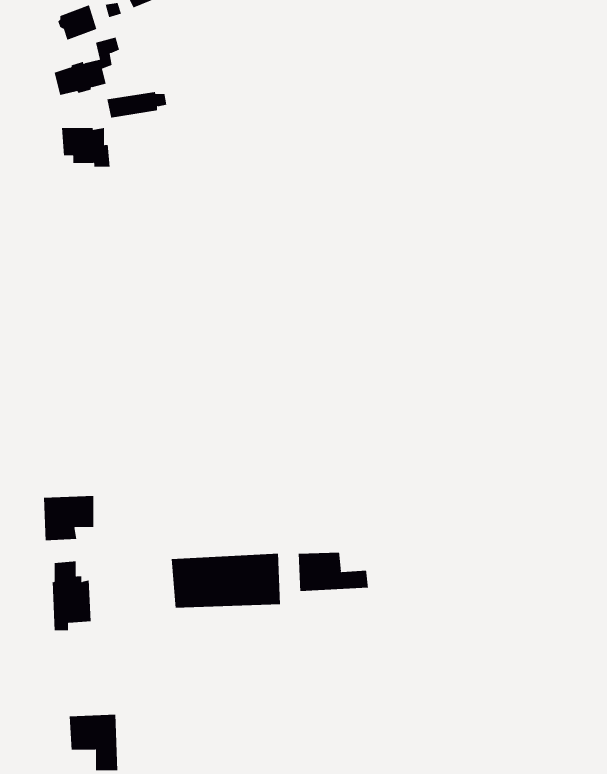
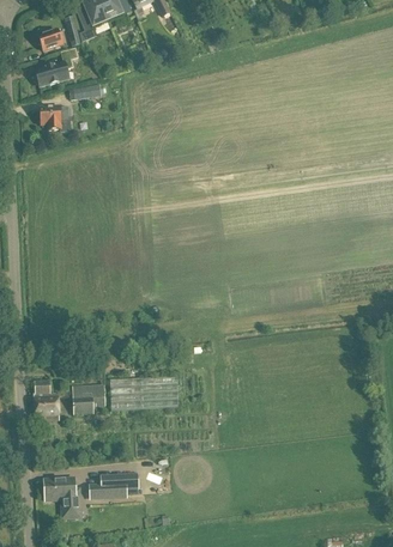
building: [43,495,94,541] -> [72,384,104,413]
building: [298,552,368,592] -> none
building: none -> [89,473,138,496]

